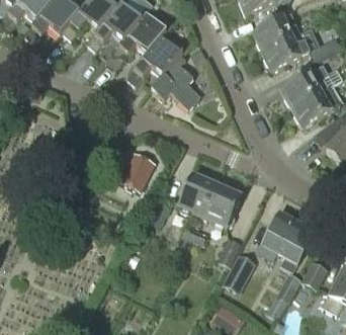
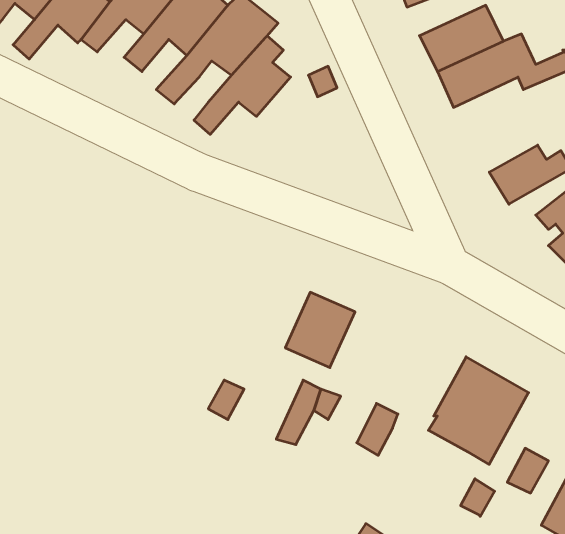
building: [150,53,200,108] -> none
building: [281,64,329,106] -> none
building: [121,152,155,190] -> none
building: [202,185,241,228] -> none
building: [224,254,255,291] -> none

